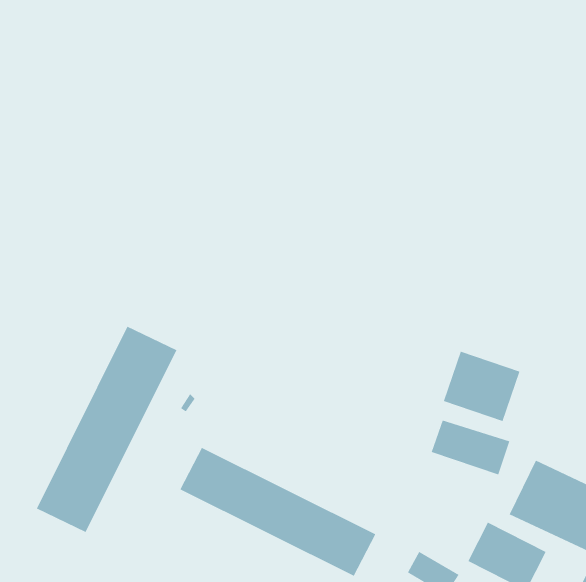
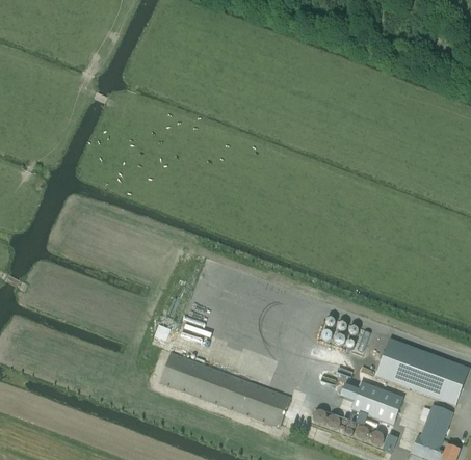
building: [36,326,177,533] -> none
building: [443,351,520,422] -> none

